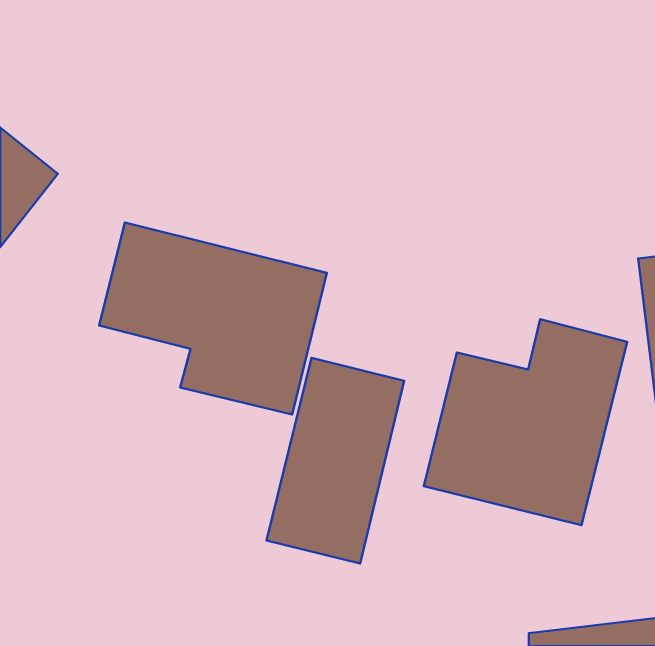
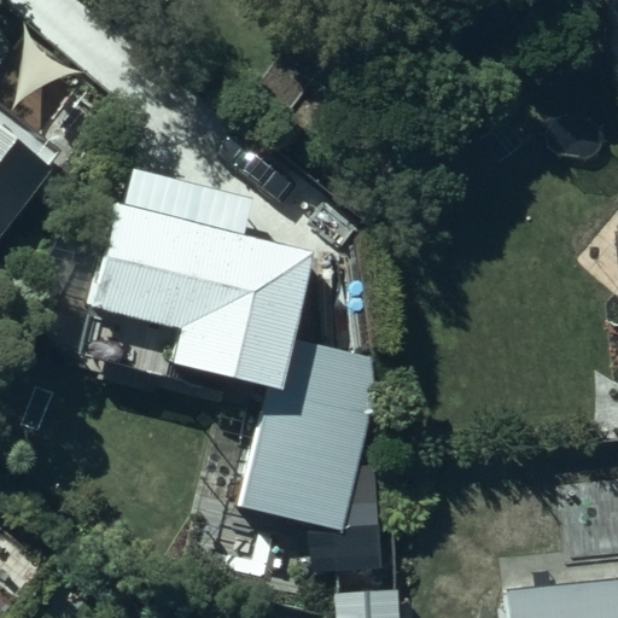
building: [424,319,627,525] -> none

